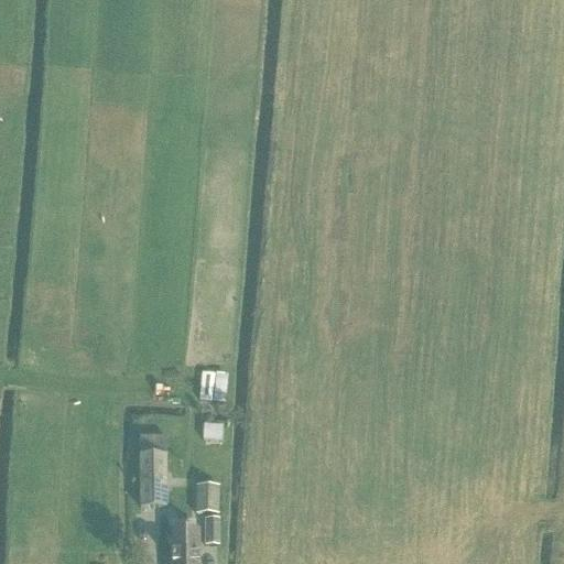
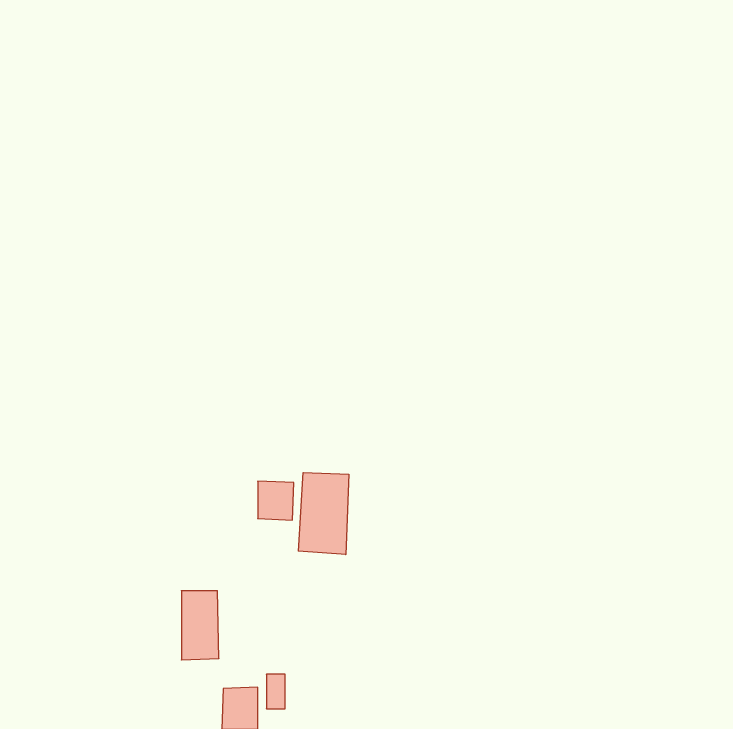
building: none -> [298,473,349,555]
building: [195,482,218,511] -> none

